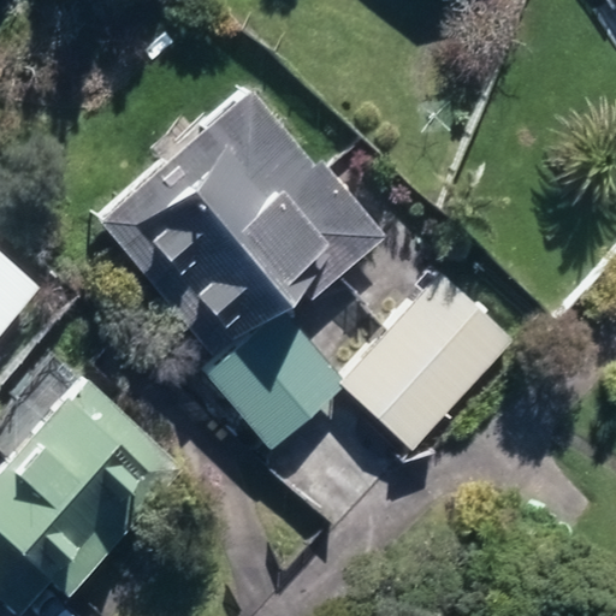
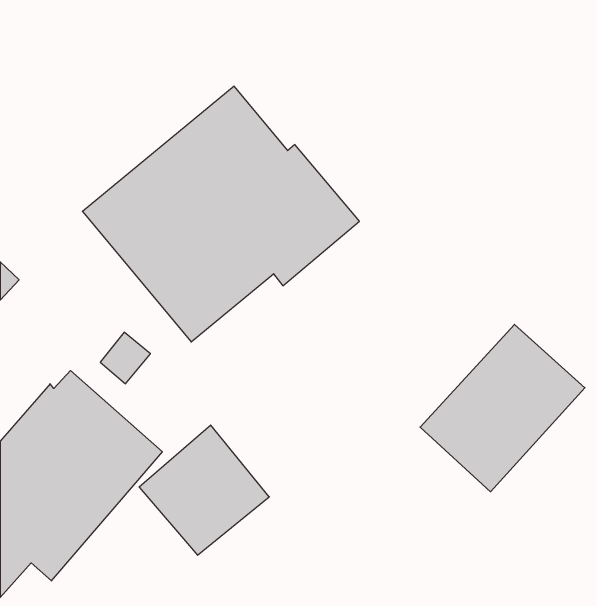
building: [346,276,513,444] -> [420,324,585,492]
building: [205,312,336,443] -> [139,425,269,555]

